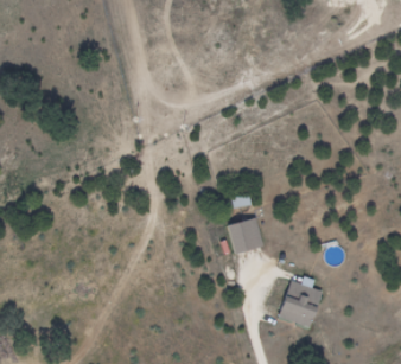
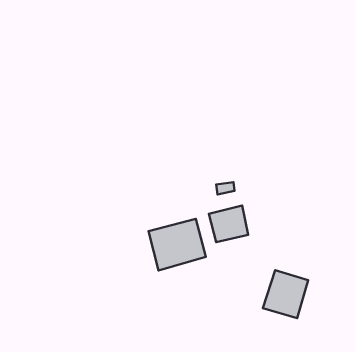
building: none -> [148,219,206,270]

